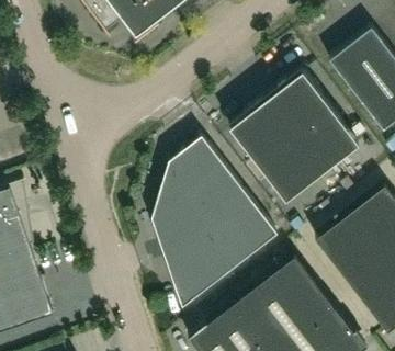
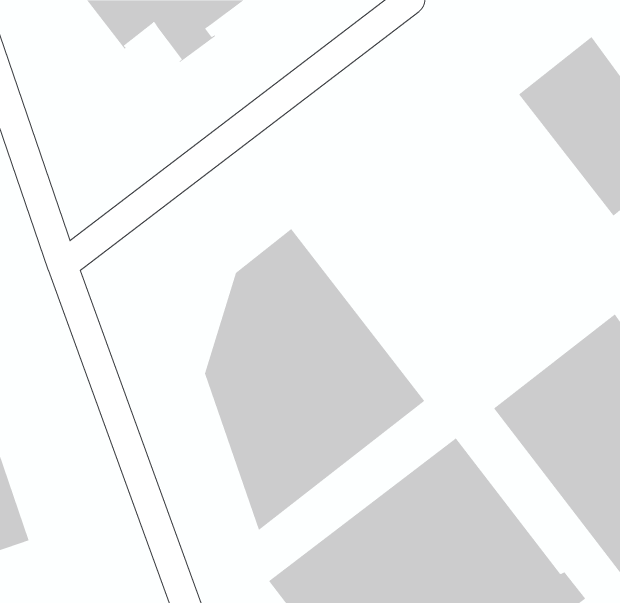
building: [229,71,359,201] -> none

